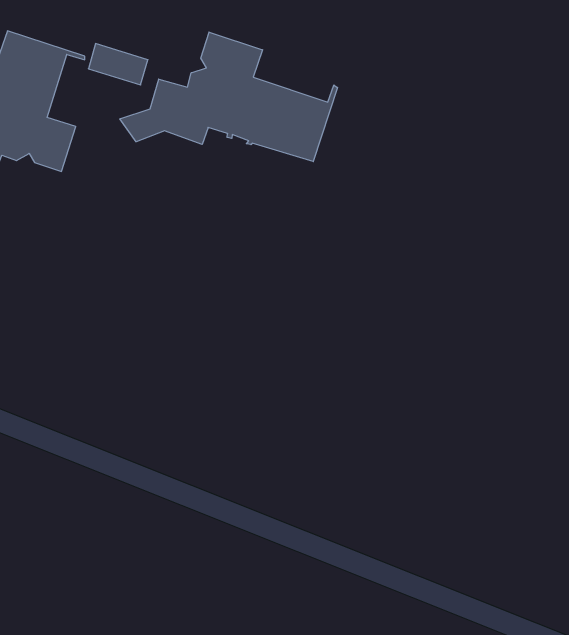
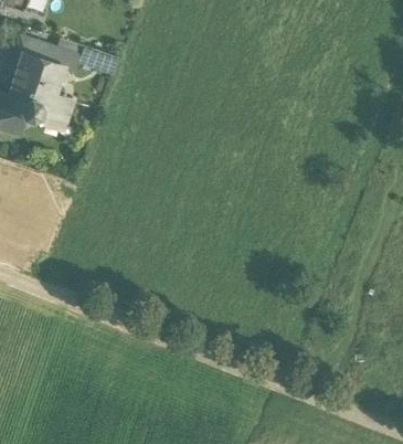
building: [120,32,337,162] -> none

